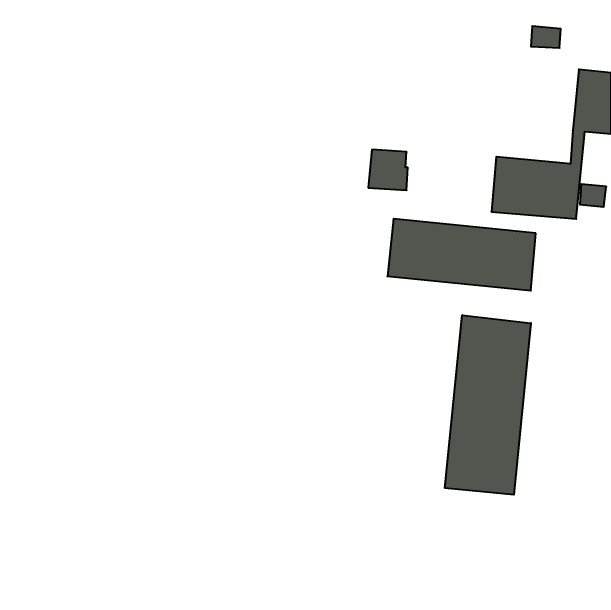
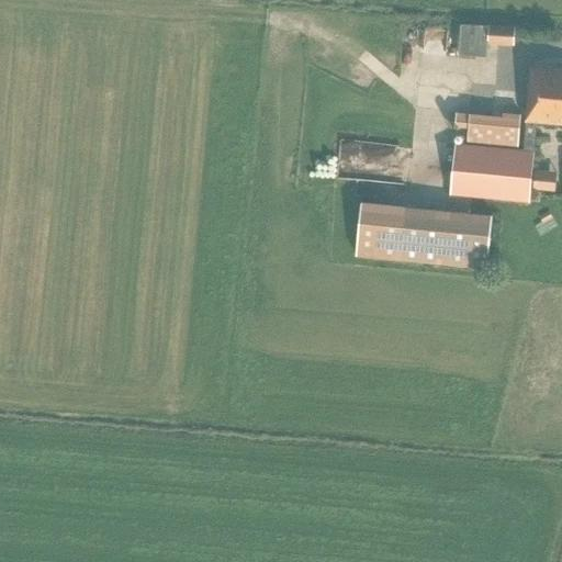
building: none -> [459,23,488,56]
building: none -> [467,111,520,146]
building: [445,315,531,495] -> none

